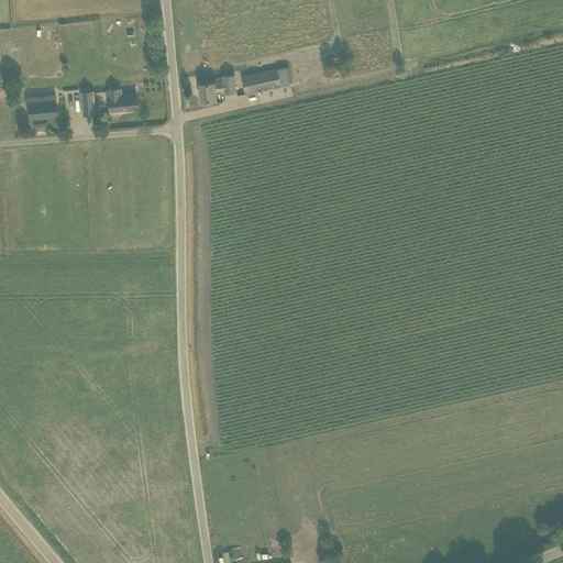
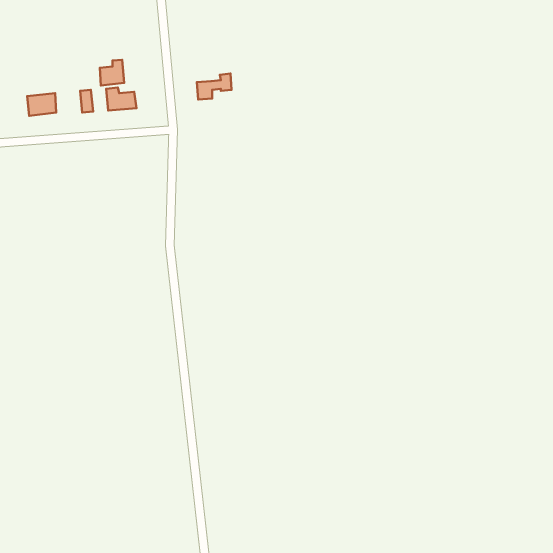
building: none -> [100,60,124,85]
building: [242,69,280,93] -> none

